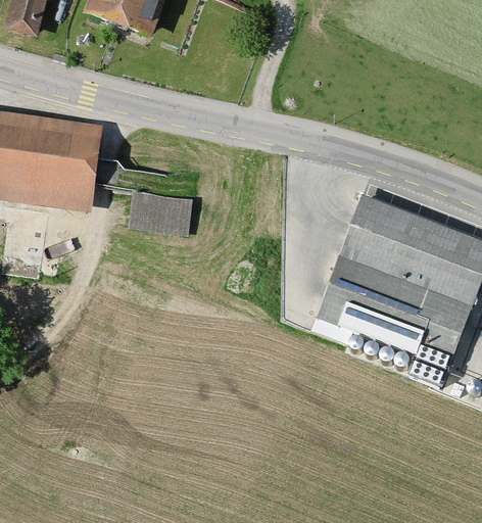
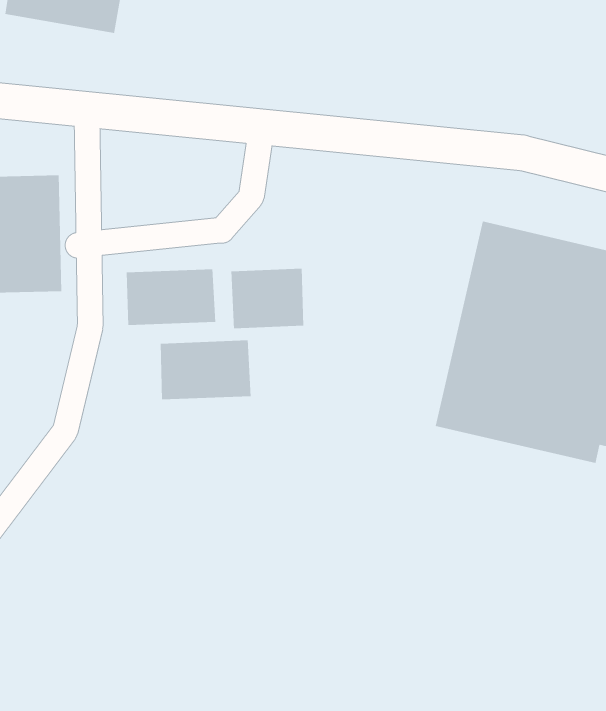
building: none -> [231,268,304,329]
building: none -> [160,339,251,400]

